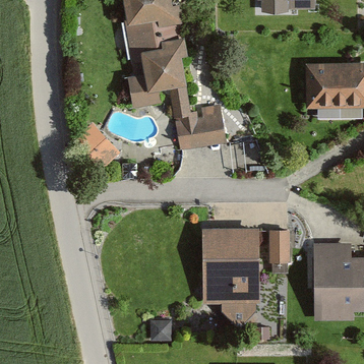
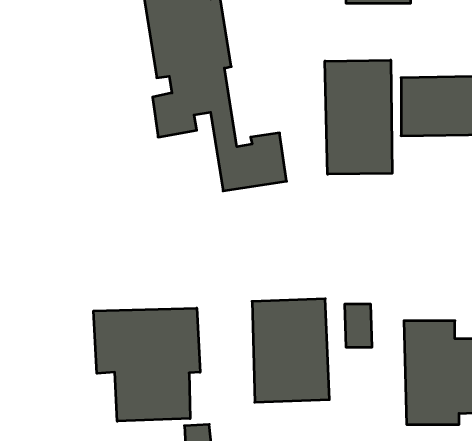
building: none -> [325,60,392,174]
building: none -> [94,308,200,421]

